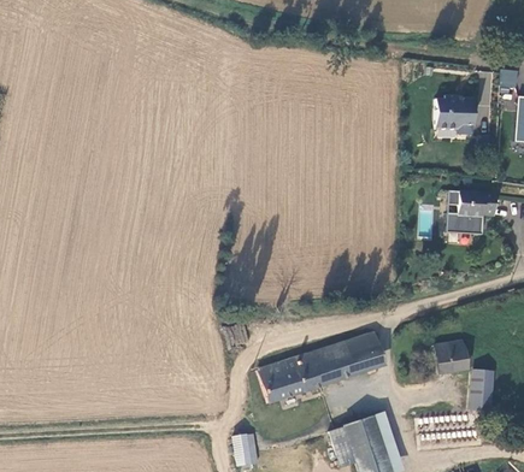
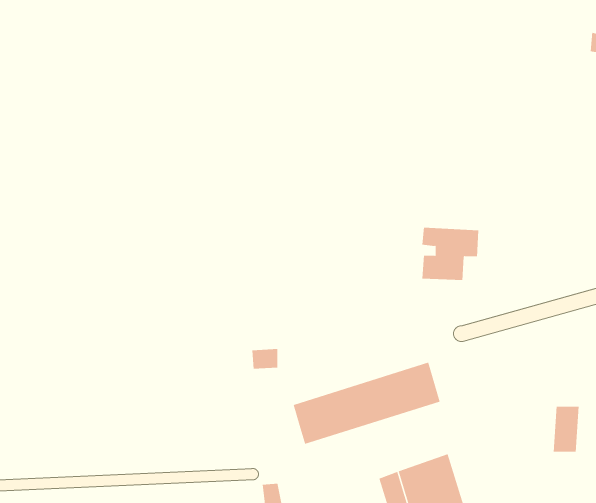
building: [435,94,475,129] -> none
building: [448,190,495,234] -> [422,227,479,280]
building: [435,338,466,372] -> none

